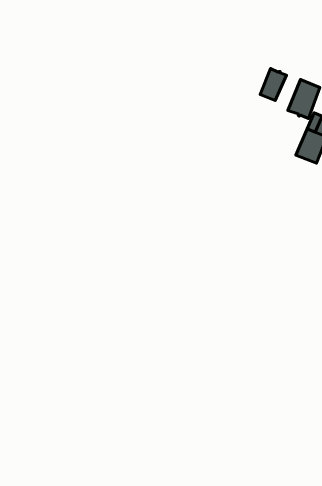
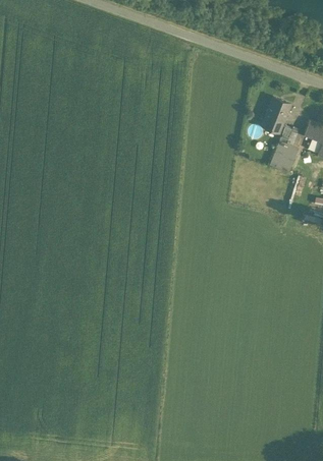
building: [260,69,286,100] -> none

